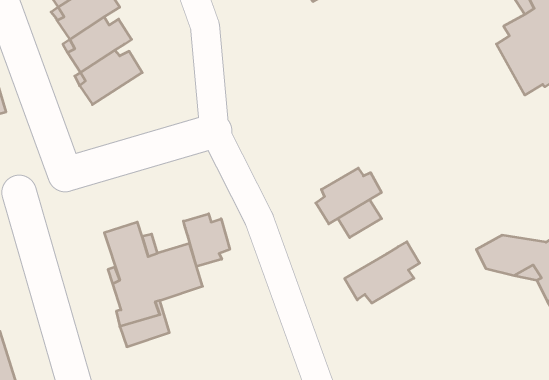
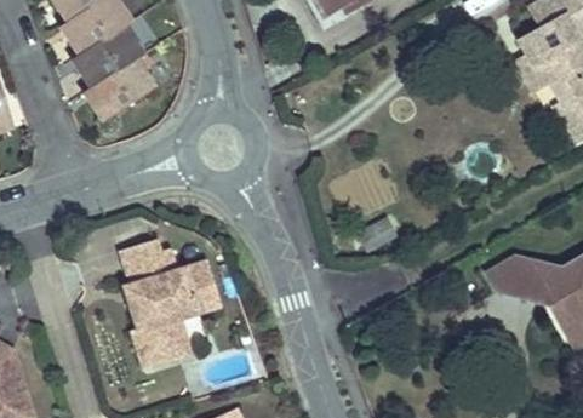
building: [316,168,381,224] -> none
building: [183,214,230,267] -> none
building: [345,242,420,303] -> none

